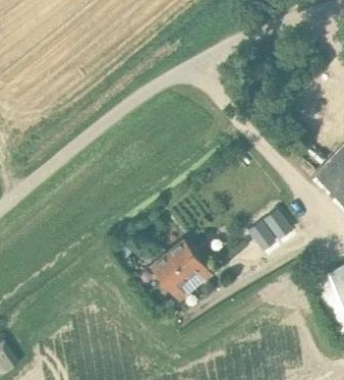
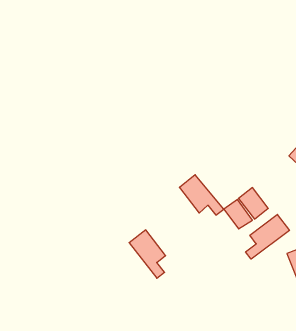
building: none -> [246,214,289,259]
building: [169,240,215,282] -> [179,175,224,215]

